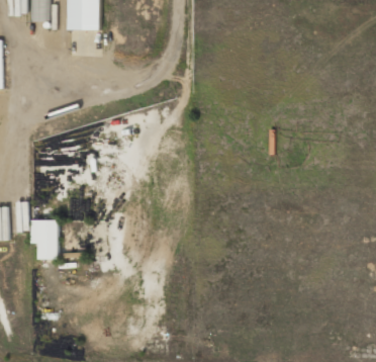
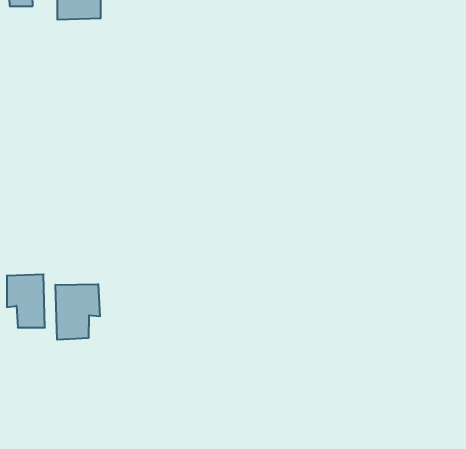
building: none -> [56,284,100,340]

